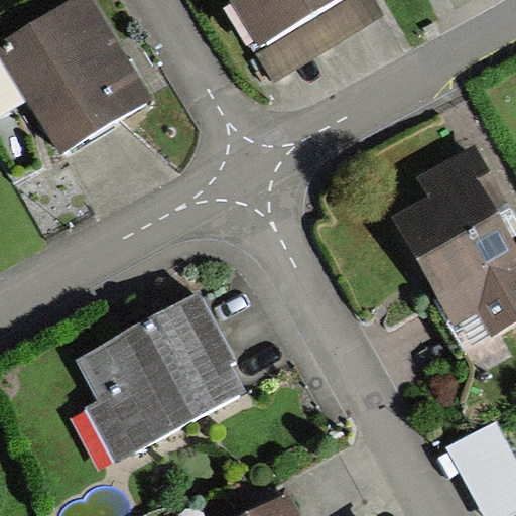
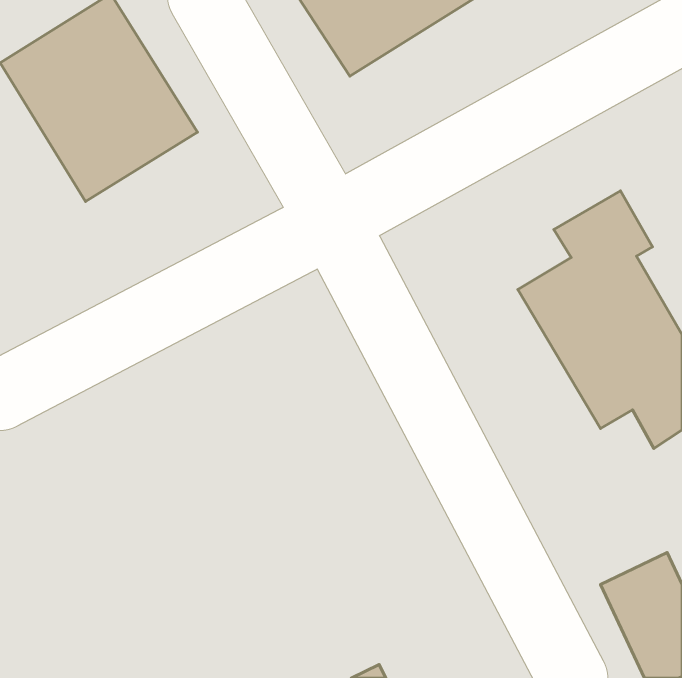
building: [80,298,238,465] -> none

